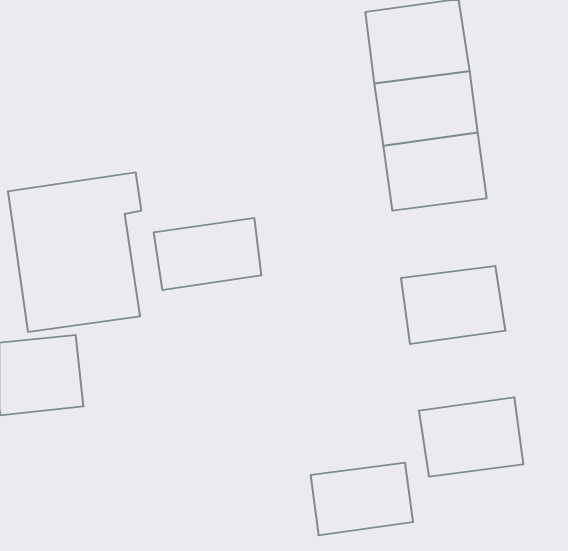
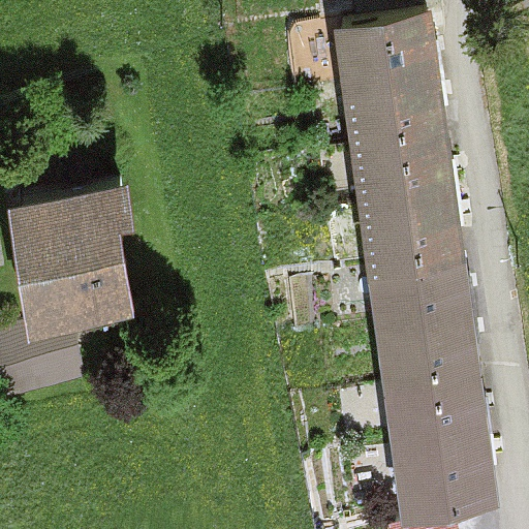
building: none -> [364,200,460,275]
building: [154,218,261,290] -> none
building: none -> [380,323,477,398]
building: [311,463,413,535] -> [398,447,493,515]

